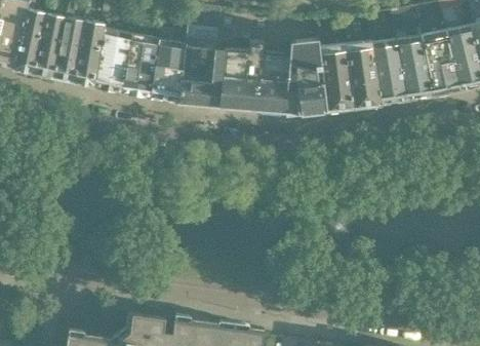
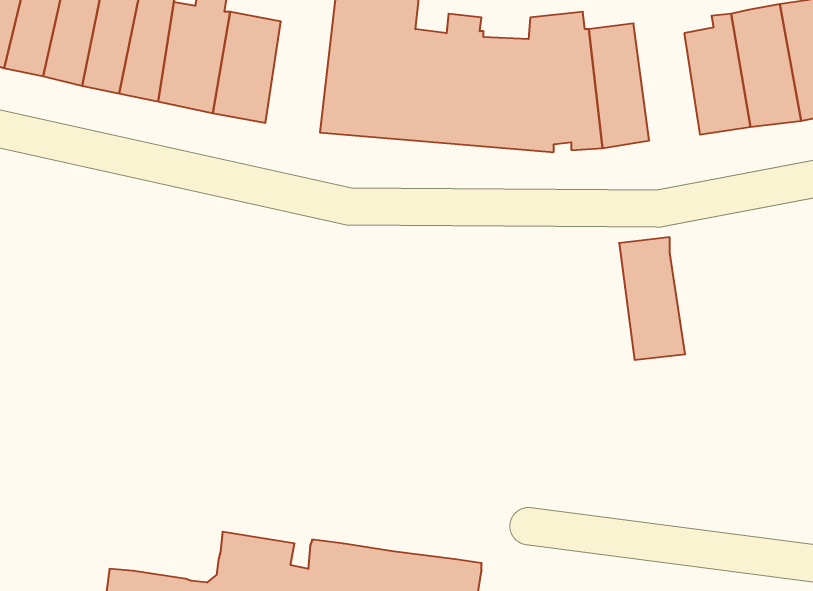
building: [148,36,184,102] -> none
building: [342,41,376,106] -> [619,237,685,360]

